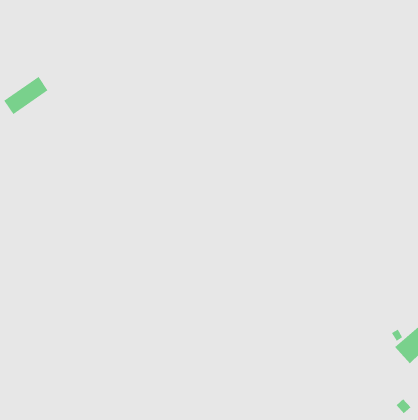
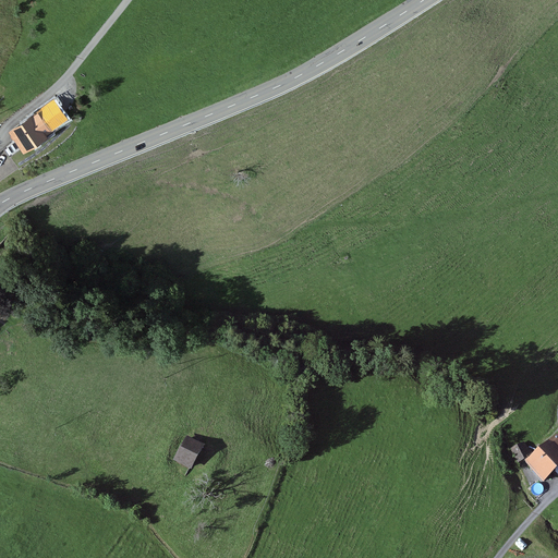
building: none -> [175,437,203,469]

